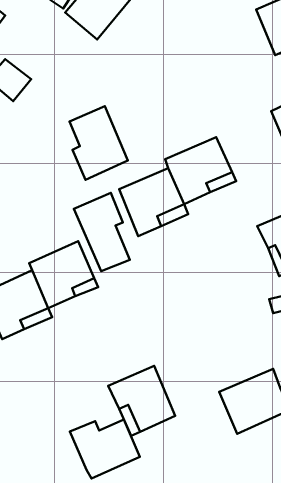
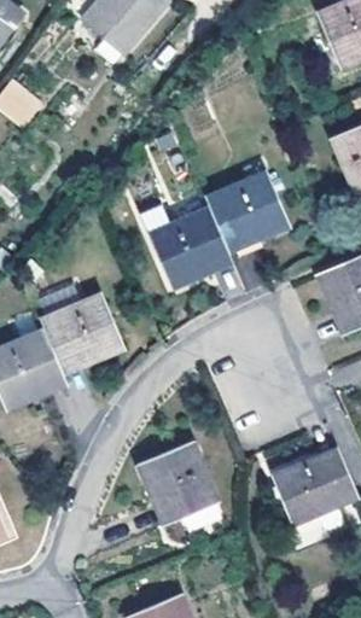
building: [70,106,128,180] -> none
building: [74,193,130,271] -> none
building: [70,419,140,479] -> none

